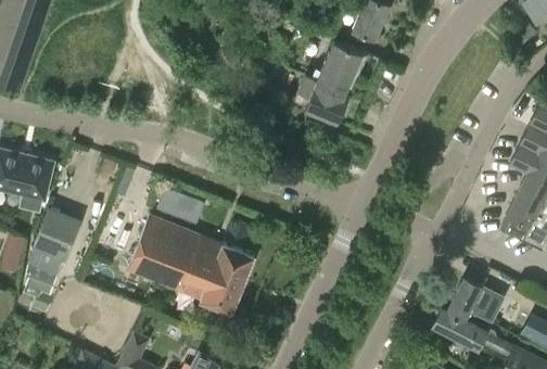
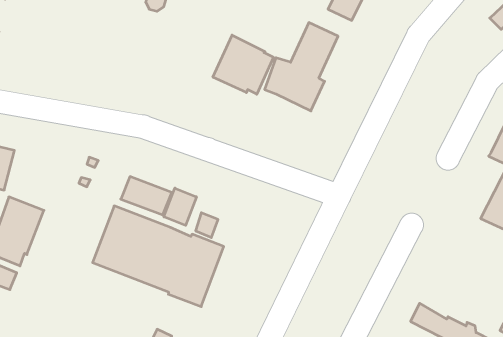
building: none -> [213,35,273,94]
building: none -> [164,188,196,225]
building: [442,278,500,325] -> none

